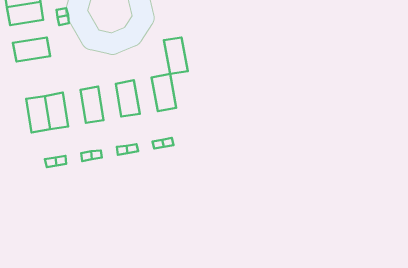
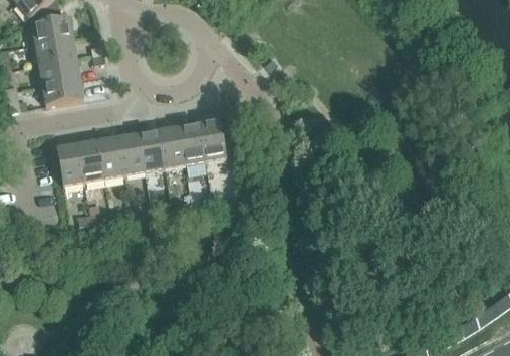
building: none -> [39,57,80,83]
building: [164,38,188,74] -> [179,122,206,163]
building: none -> [139,129,165,170]
building: none -> [98,136,124,177]

